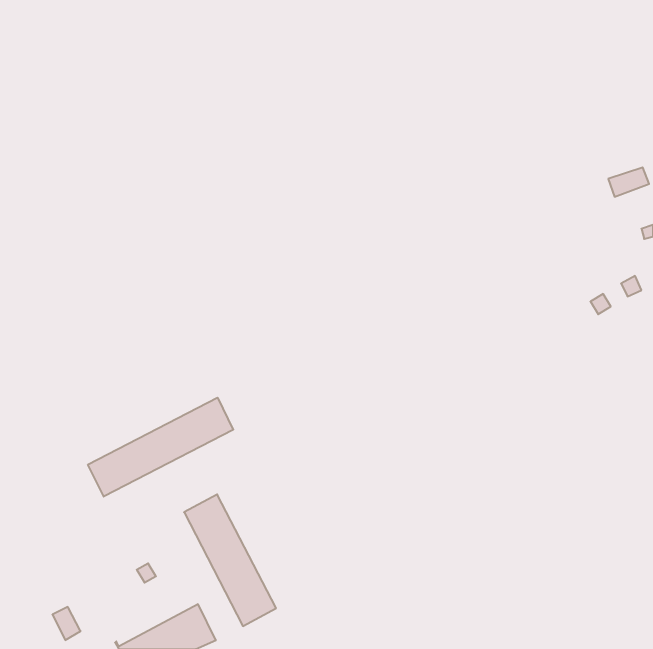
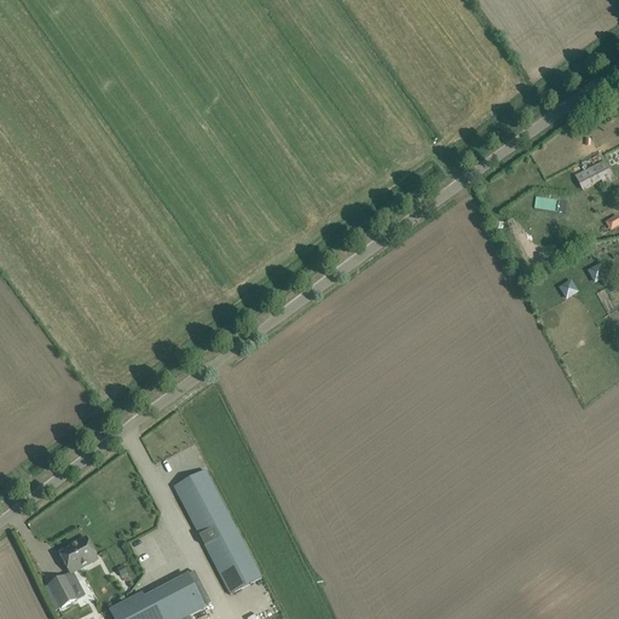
building: [88,398,233,497] -> none
building: none -> [59,534,98,572]

